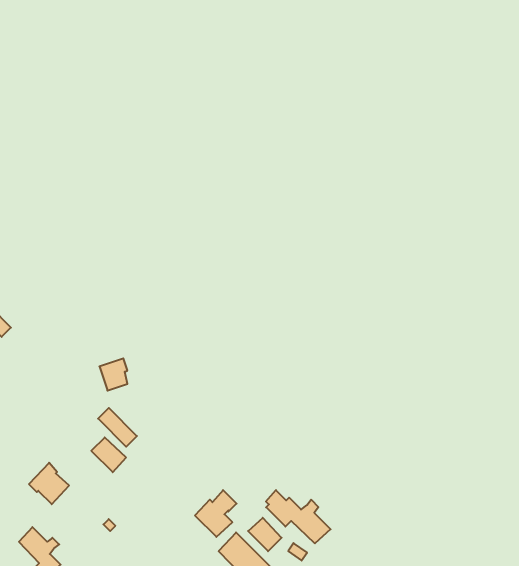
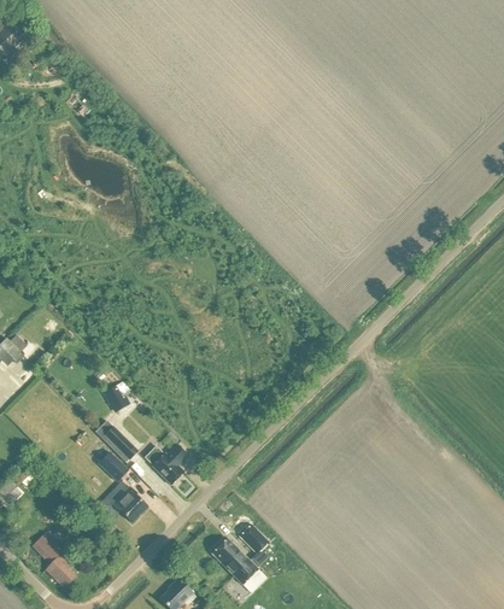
building: [29,463,69,504] -> [109,485,145,522]
building: [266,490,331,543] -> none
building: [195,490,237,537] -> [152,444,189,486]

